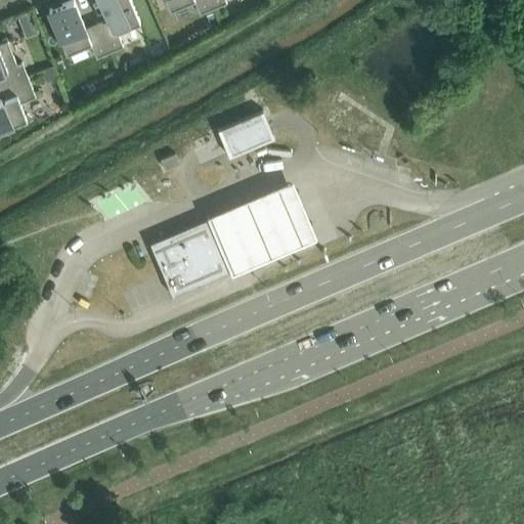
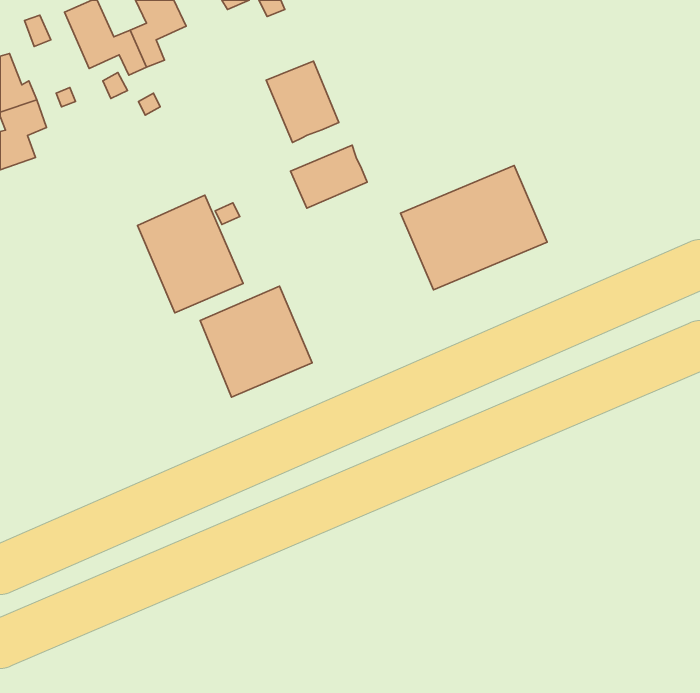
building: none -> [266,61,339,143]
building: none -> [138,195,243,313]
building: [213,178,322,271] -> [401,165,547,290]

